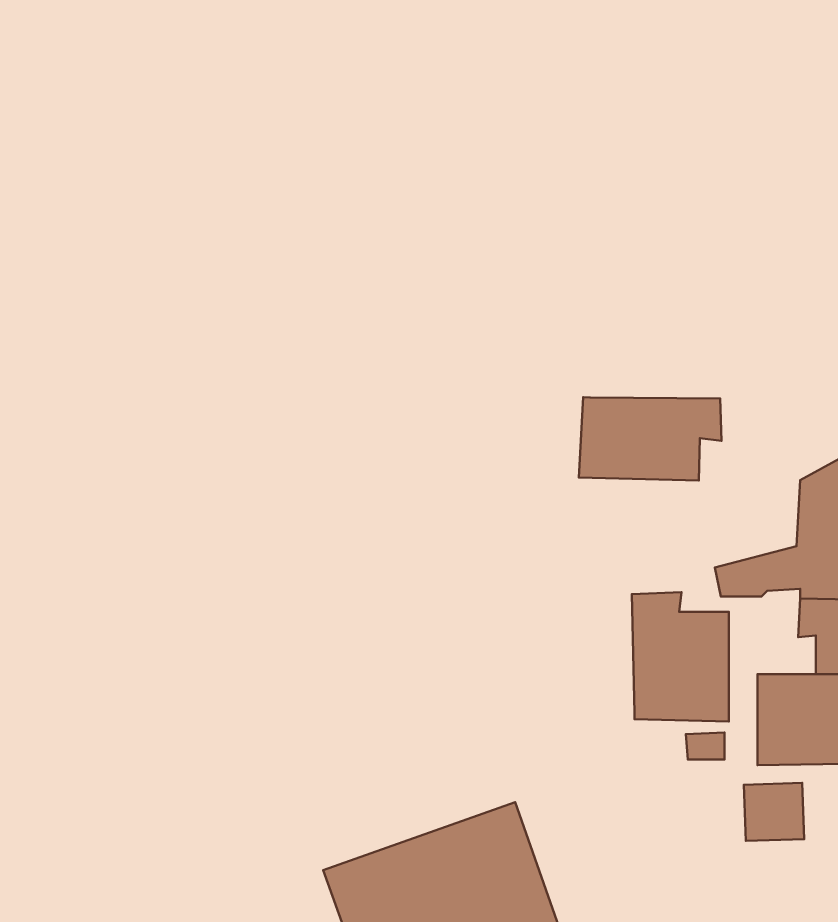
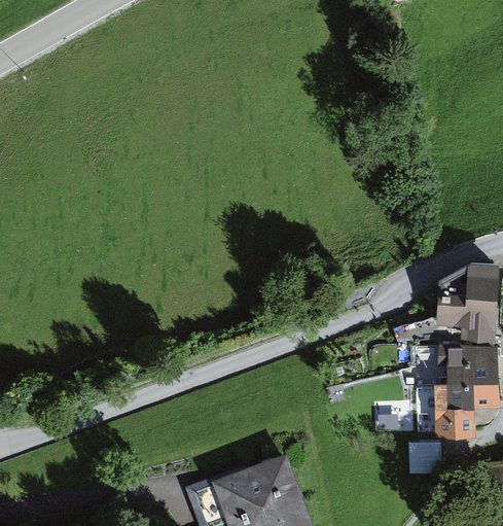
building: [579,397,721,480] -> none
building: [632,592,729,721] -> none

